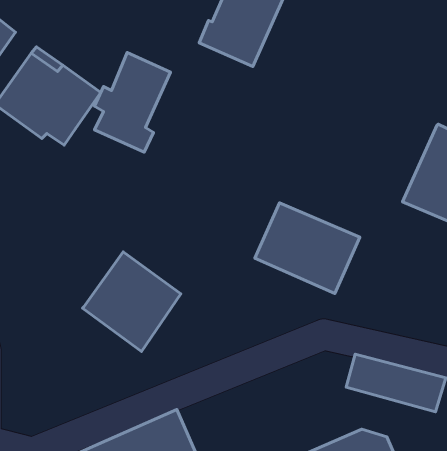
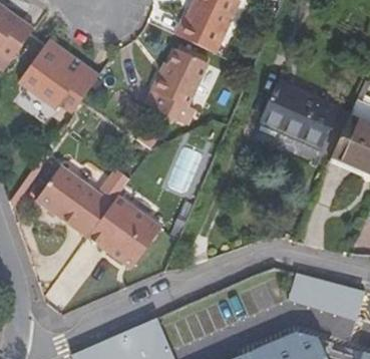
building: [94,52,170,152] -> [148,49,207,125]
building: [255,203,360,294] -> [259,79,339,148]
building: none -> [35,166,128,238]

